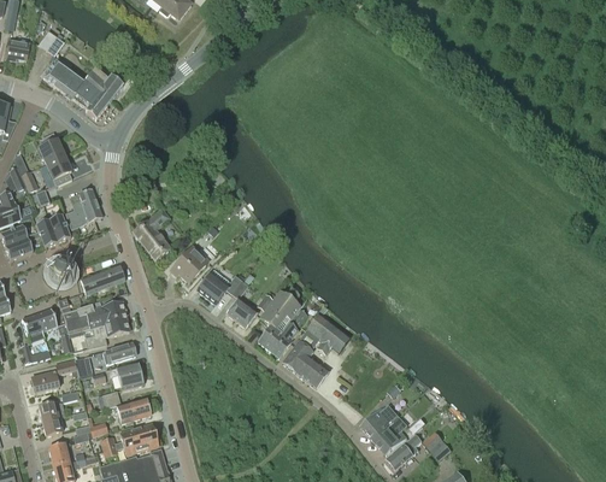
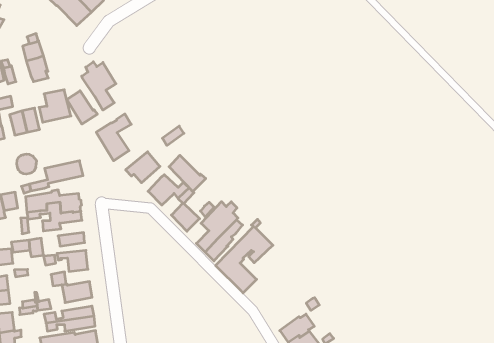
building: none -> [82,62,116,110]
building: none -> [67,91,97,124]
building: none -> [169,155,206,191]

